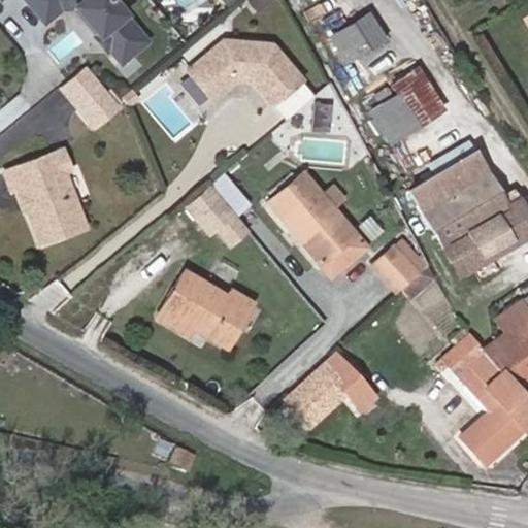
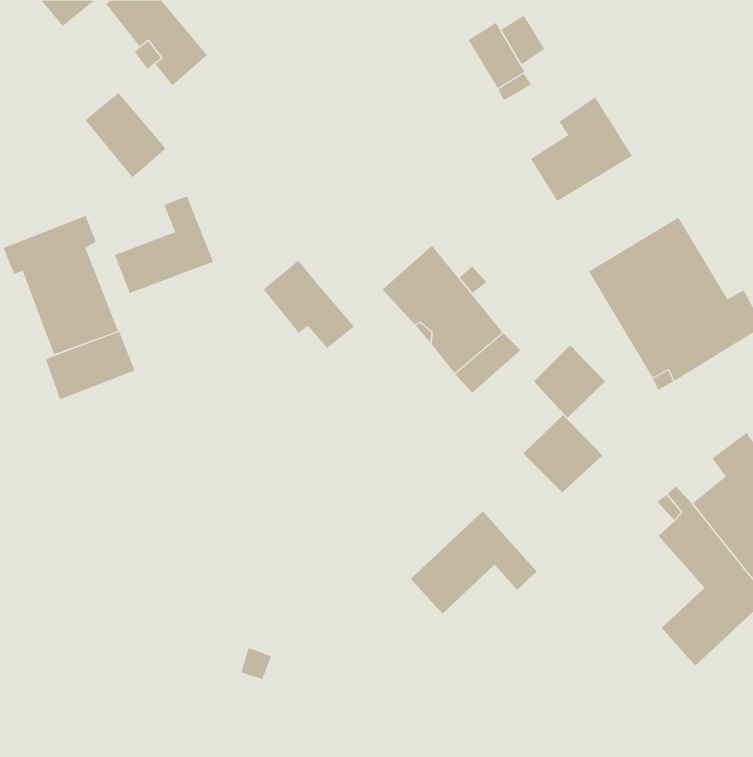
building: [192,38,305,101] -> none
building: none -> [114,195,214,294]
building: none -> [45,331,135,400]
building: [158,274,250,346] -> none
building: none -> [522,414,603,493]

